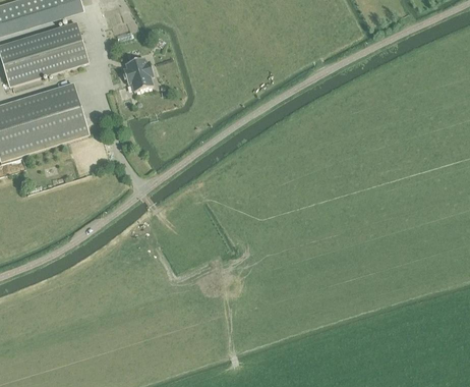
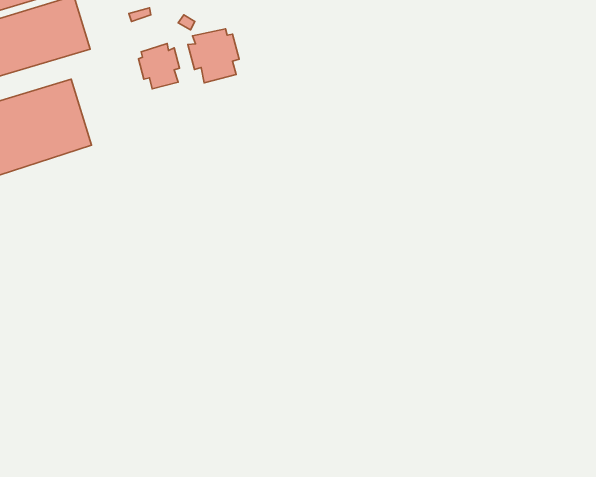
building: none -> [188,29,239,83]

